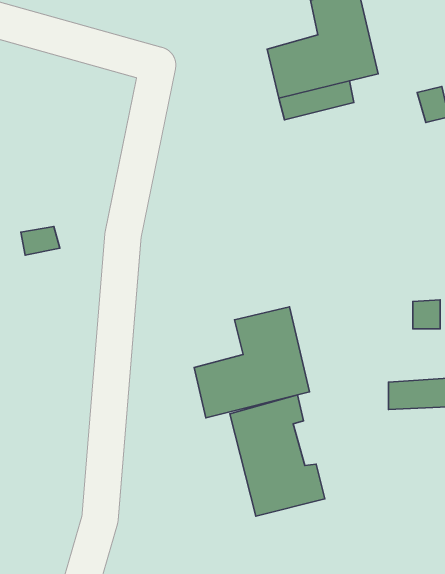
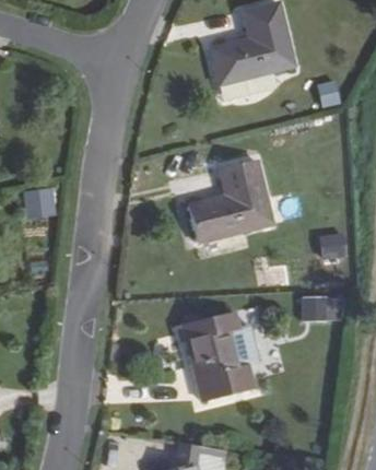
building: [194,307,310,418] -> [187,158,274,243]

